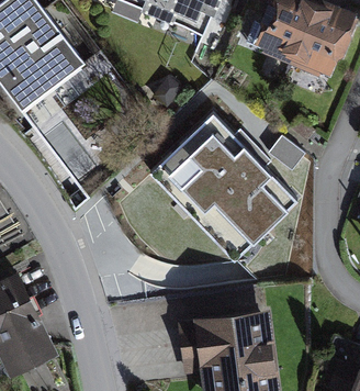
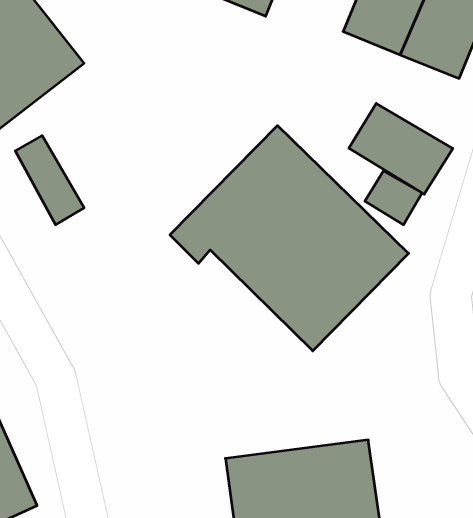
building: none -> [349,103,453,194]

